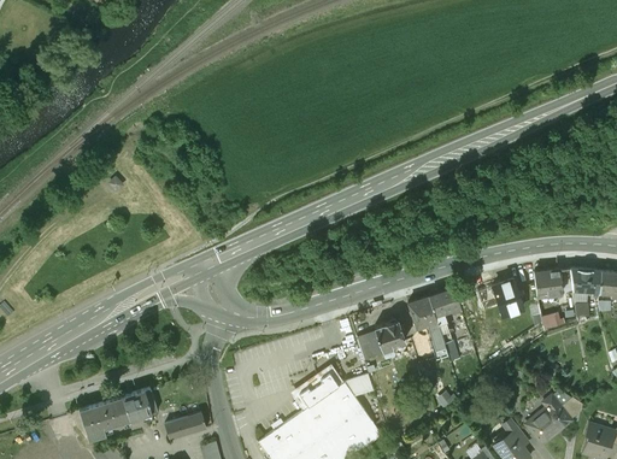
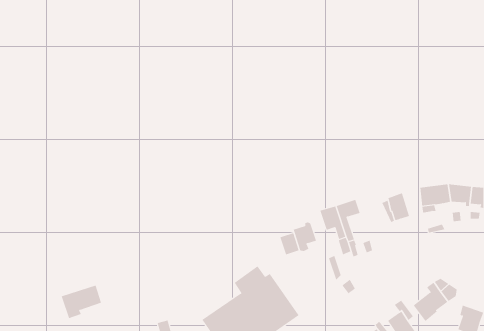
building: [124,389,157,423] -> none
building: [163,407,206,440] -> none

